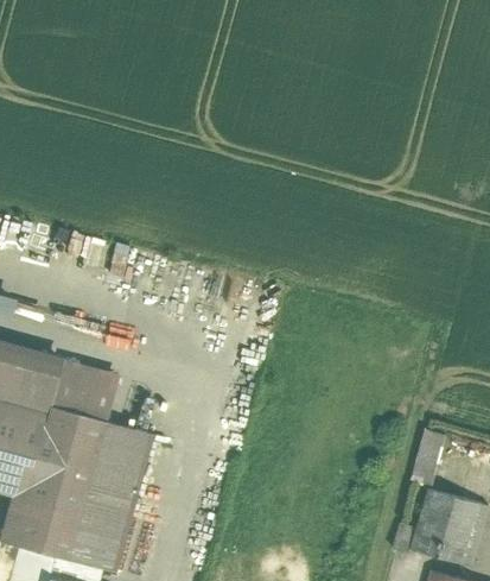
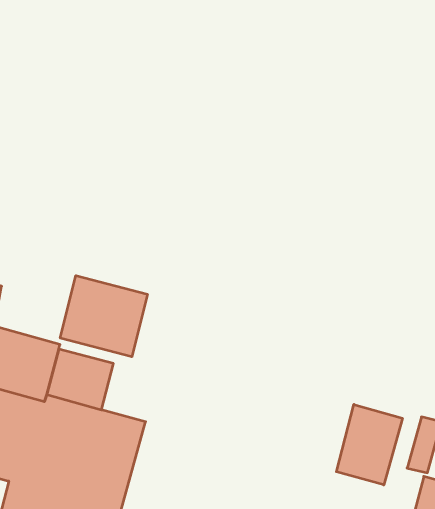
building: none -> [60,276,147,357]
building: none -> [336,404,402,485]

